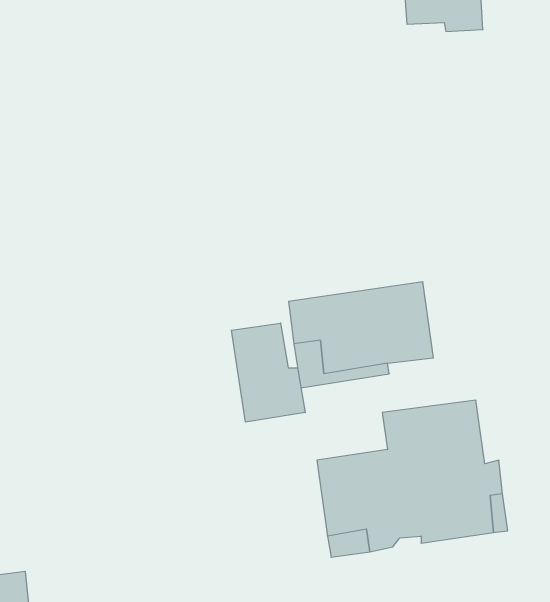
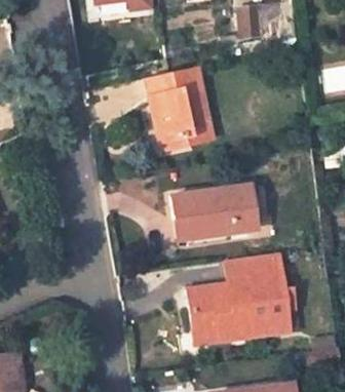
building: none -> [145,66,214,142]
building: [231,323,305,422] -> none

